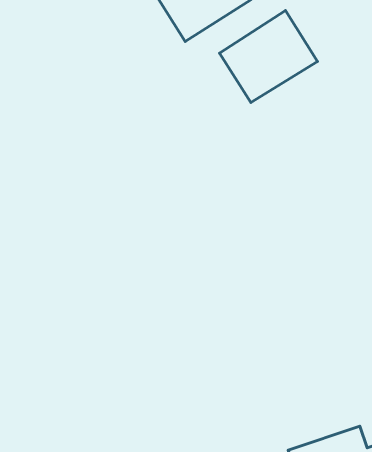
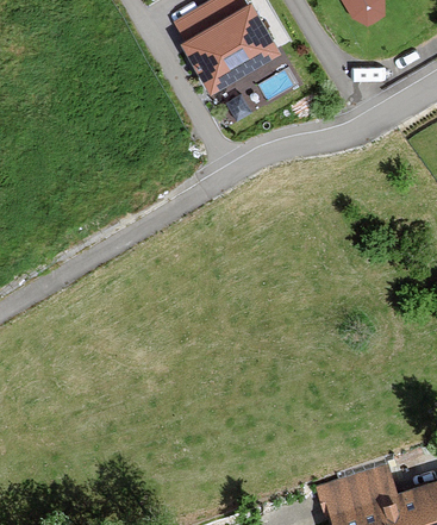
building: [219,10,318,103] -> none

